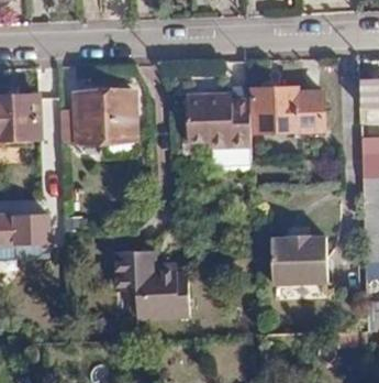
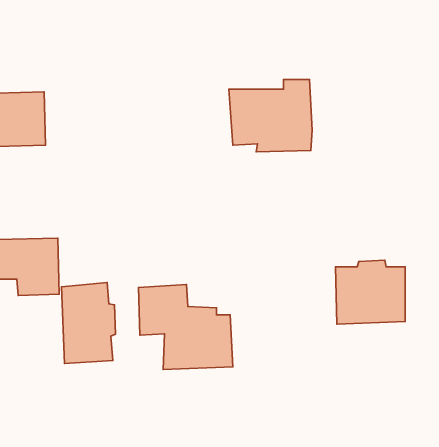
building: [250,84,323,125] -> none
building: [62,94,135,142] -> none
building: none -> [61,282,115,364]

